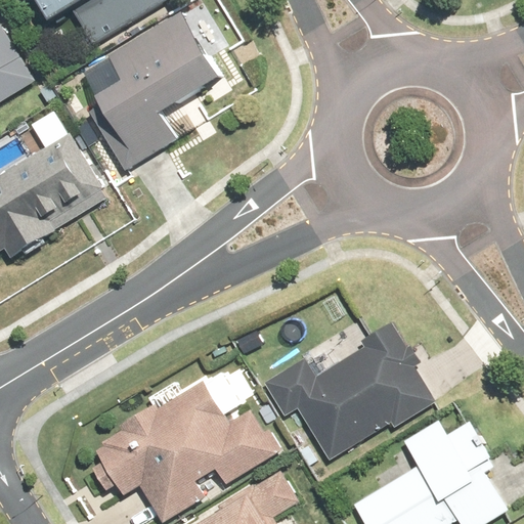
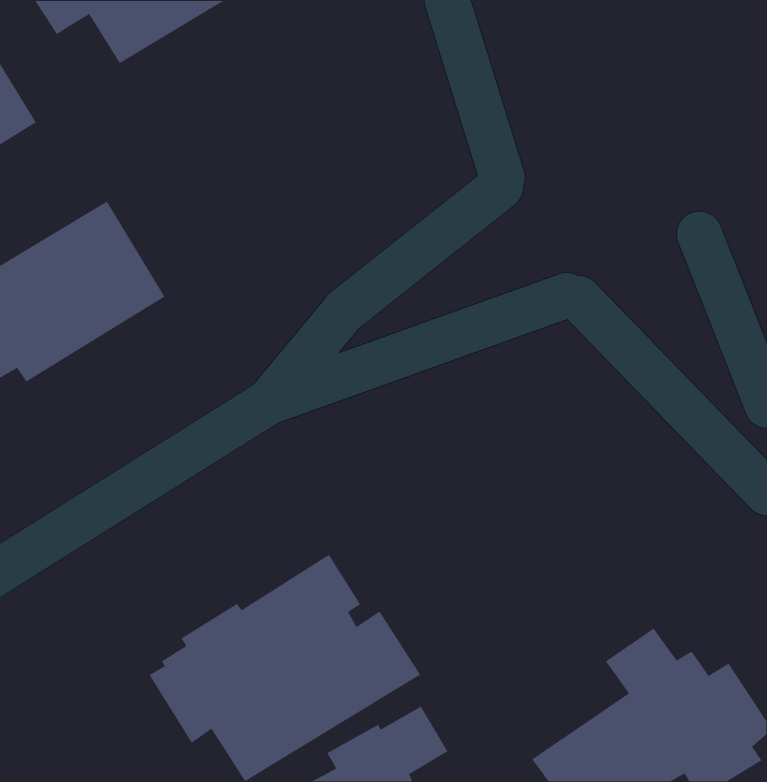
building: [75,9,214,170] -> none
building: [264,322,436,457] -> none

